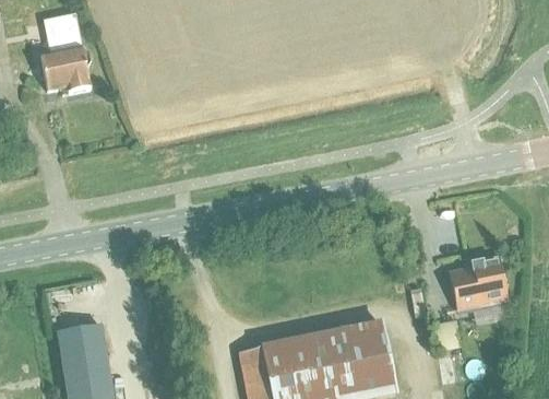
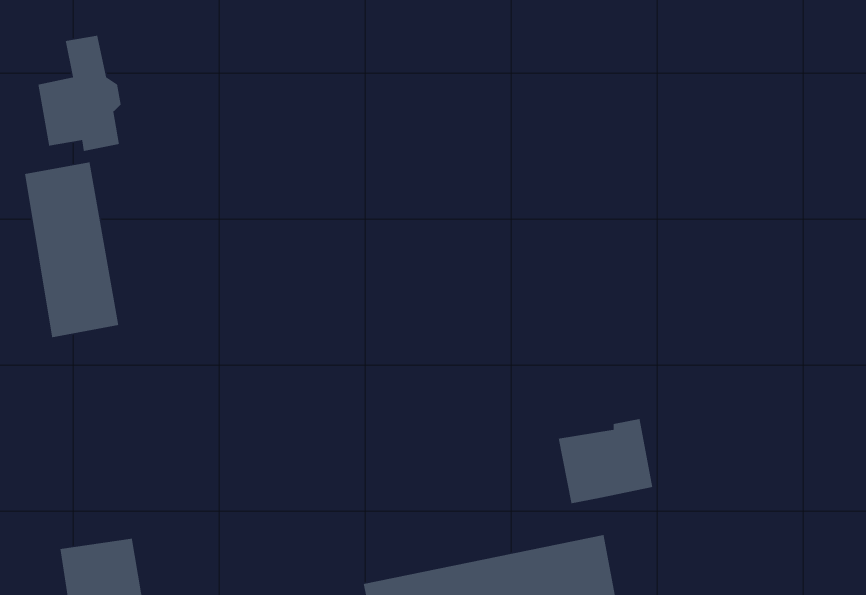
building: none -> [24,161,119,338]
building: [450,256,506,307] -> [558,418,653,504]

